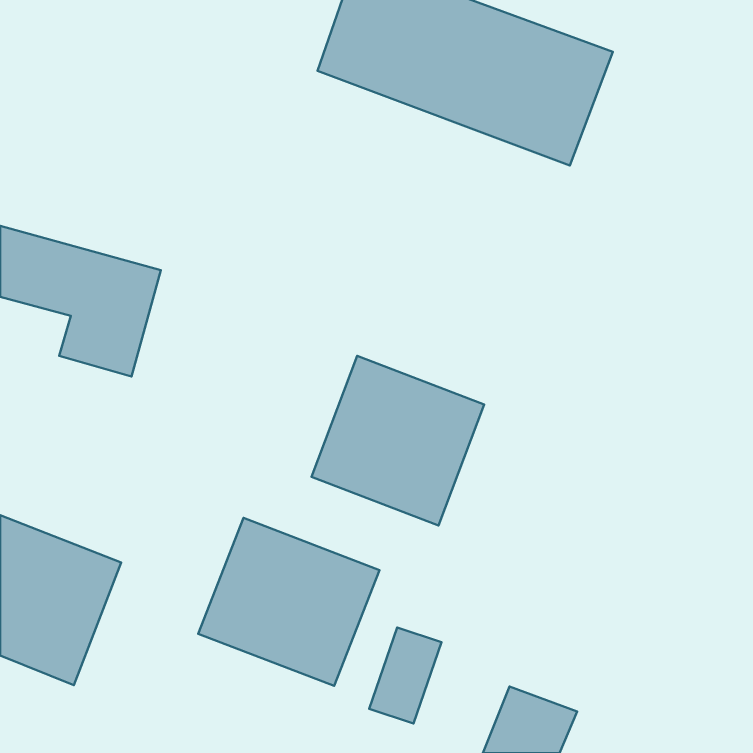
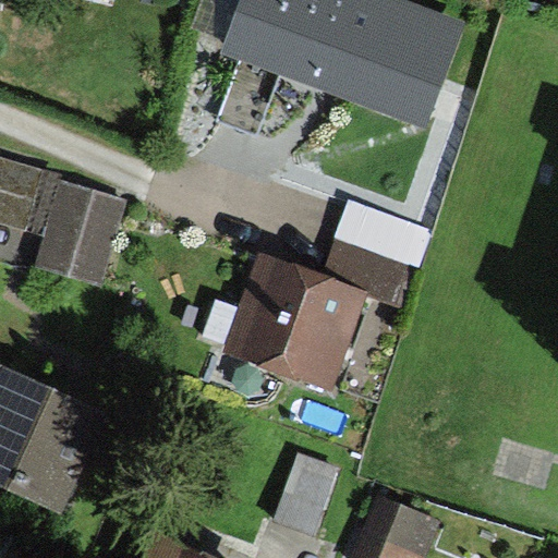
building: none -> [329,210,412,293]
building: [198,518,379,686] -> none

